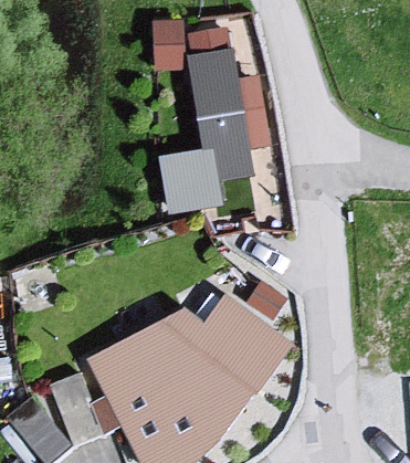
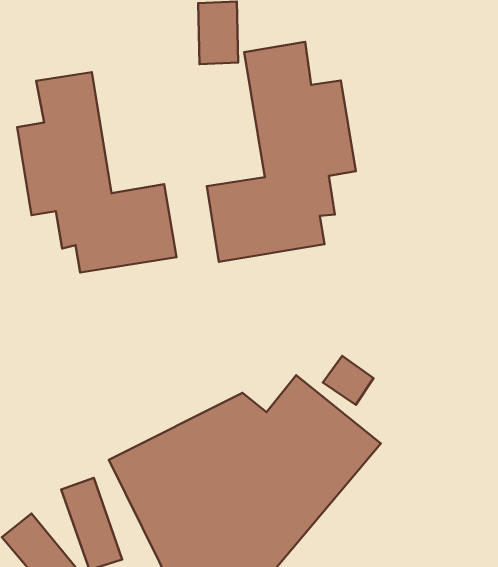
building: none -> [17,72,177,273]

